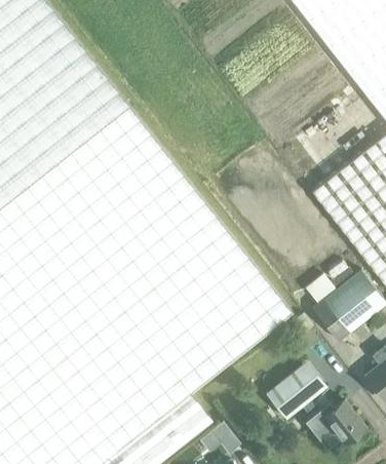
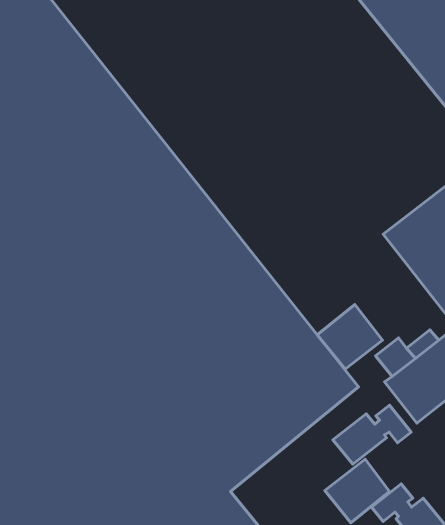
building: none -> [317,305,382,369]
building: none -> [333,405,411,464]

